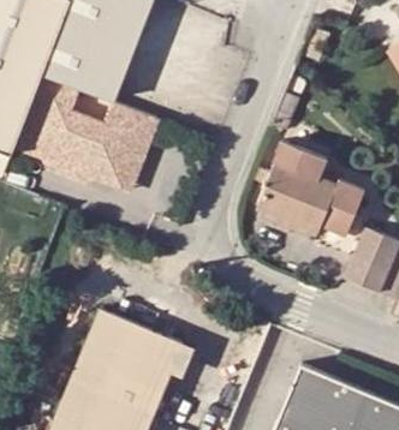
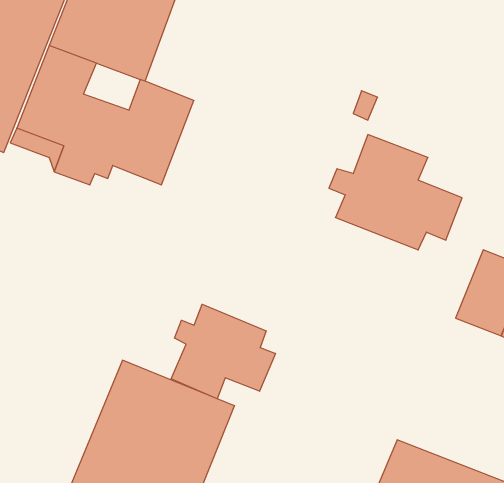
building: [76,117,159,192] -> none
building: none -> [171,304,275,399]

